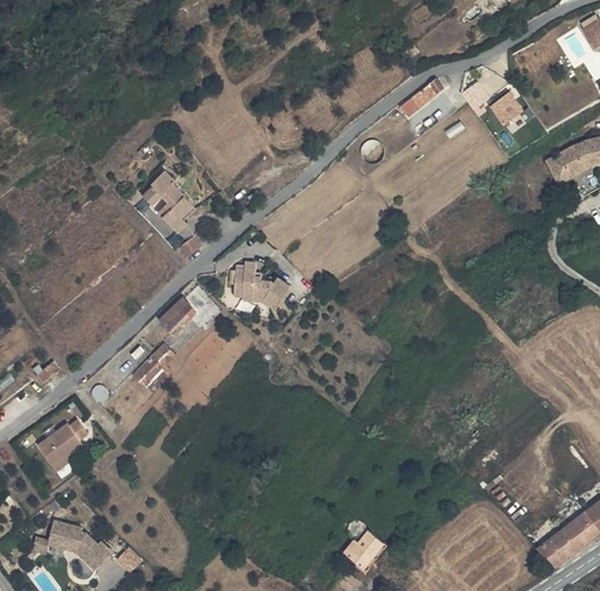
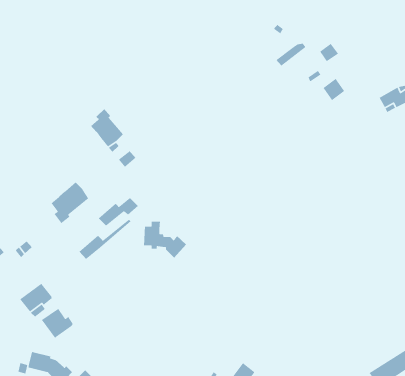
building: [493,91,525,124] -> [322,78,345,101]
building: [233,260,295,313] -> [143,221,187,259]
building: none -> [50,182,89,224]
building: none -> [41,308,74,339]

